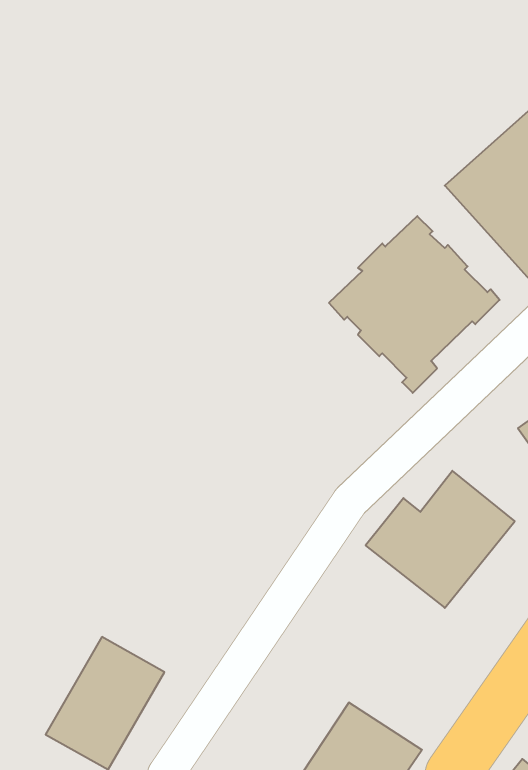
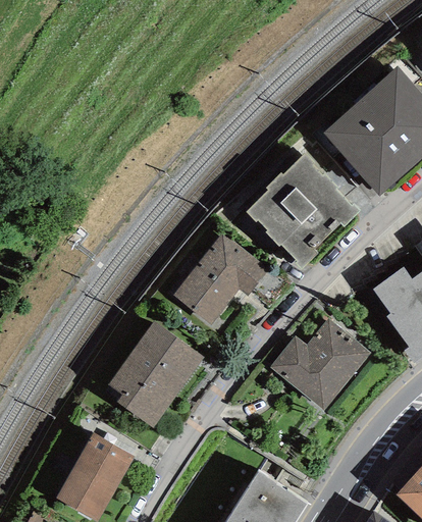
building: none -> [169,232,269,328]
building: none -> [108,320,204,426]

